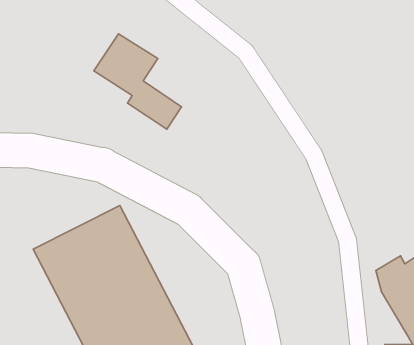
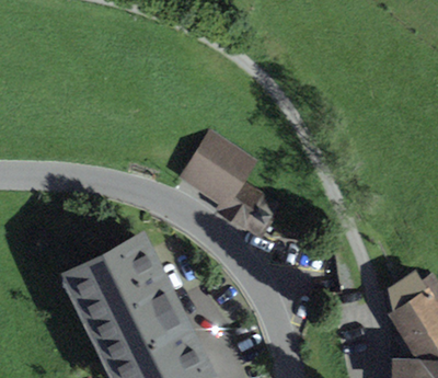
building: [94,34,181,129] -> [187,141,273,234]

